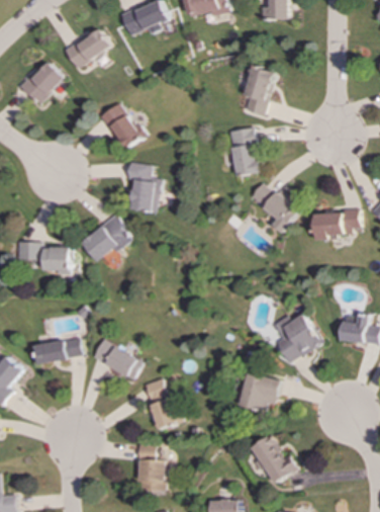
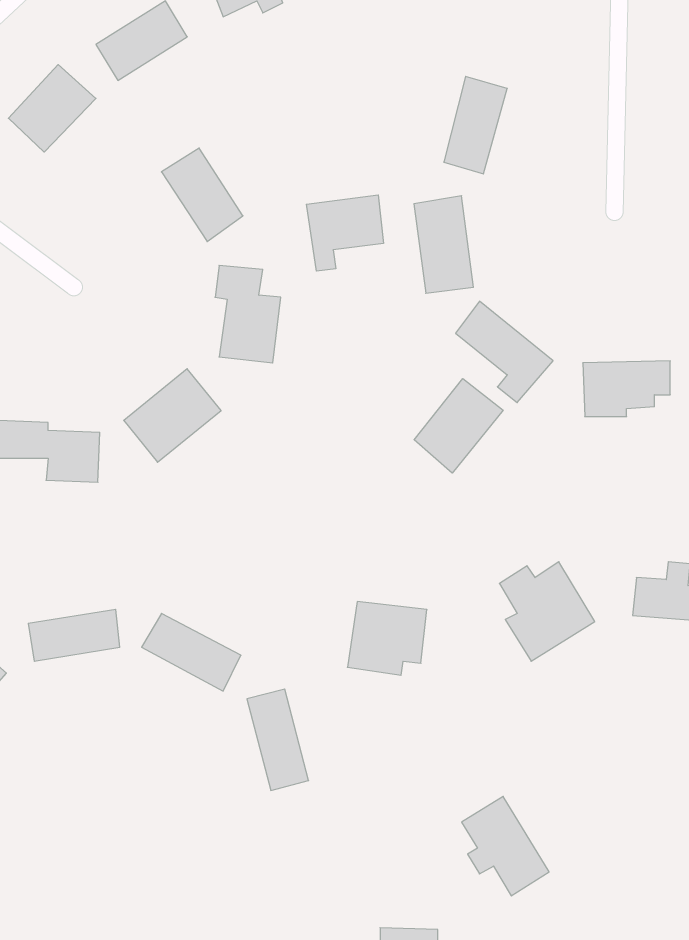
building: none -> [306,195,383,271]
building: none -> [414,379,503,473]
building: [240,373,280,411] -> [347,602,427,675]
building: [138,443,166,490] -> none

